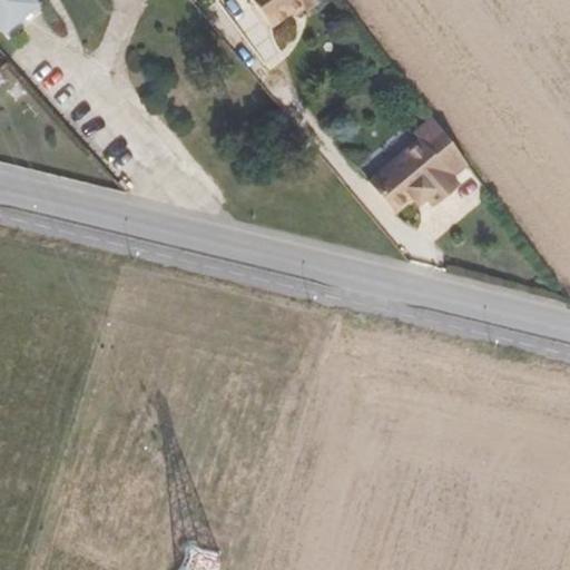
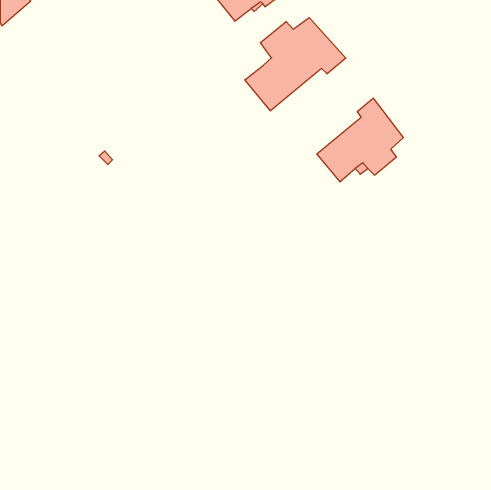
building: none -> [245,18,346,111]

